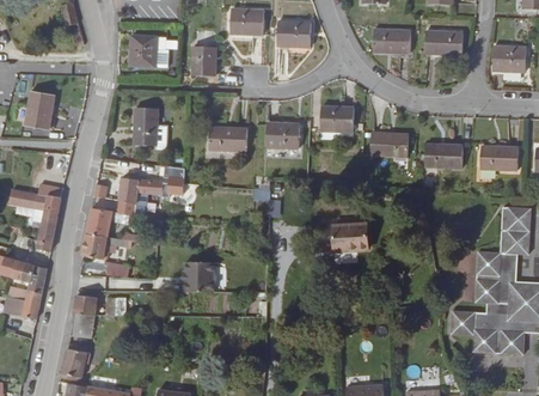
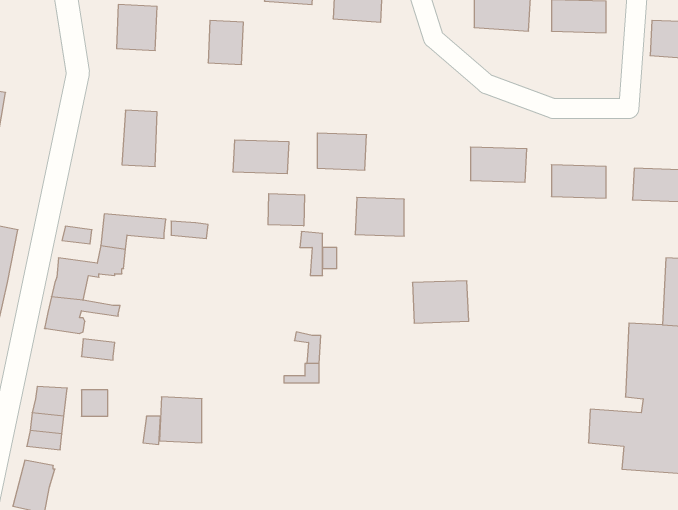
building: [320,105,354,132] -> [355,197,404,236]
building: none -> [268,194,304,226]
building: [185,261,214,292] -> [160,397,202,443]

